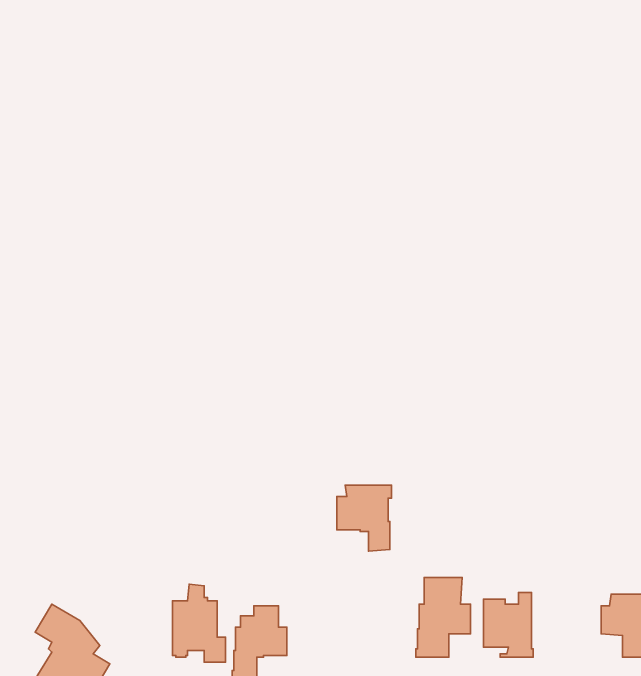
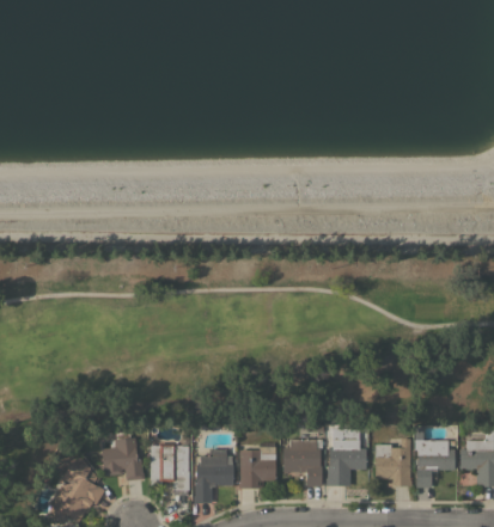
building: [337,485,392,551] -> [283,440,323,488]
building: none -> [415,428,457,488]
building: none -> [102,431,145,480]
building: none -> [239,447,275,489]

